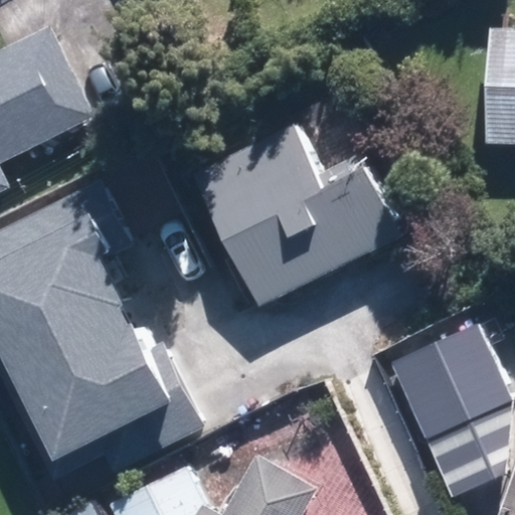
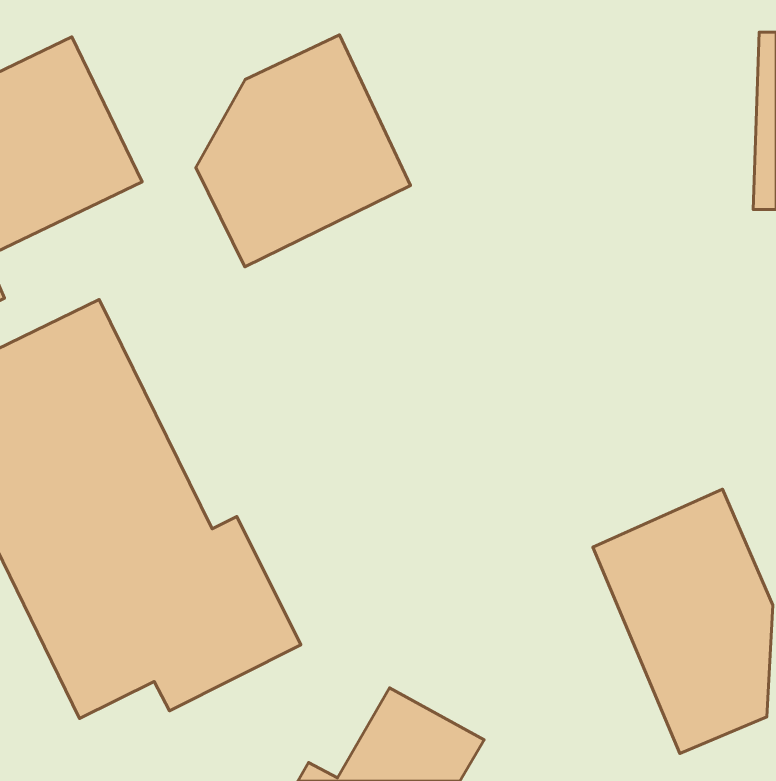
building: none -> [196,35,410,267]
building: [202,116,412,302] -> none

